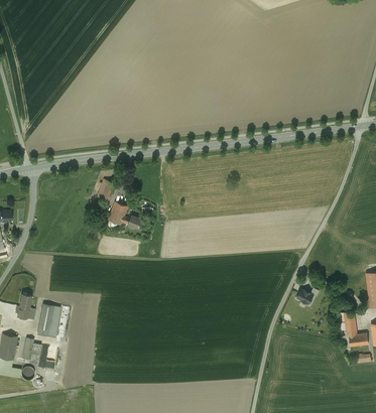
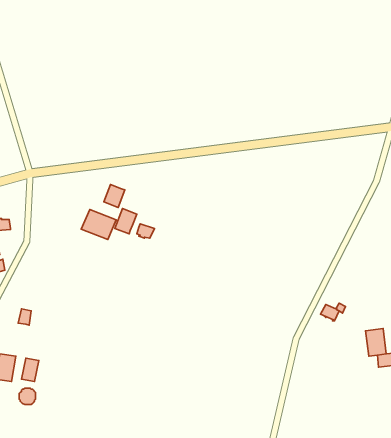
building: none -> [81,209,116,240]
building: [37,304,60,337] -> none

